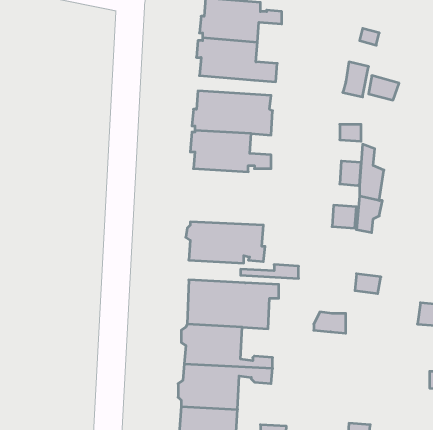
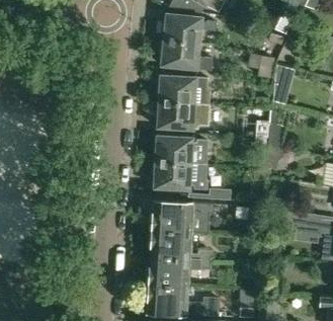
building: none -> [154,135,207,164]

